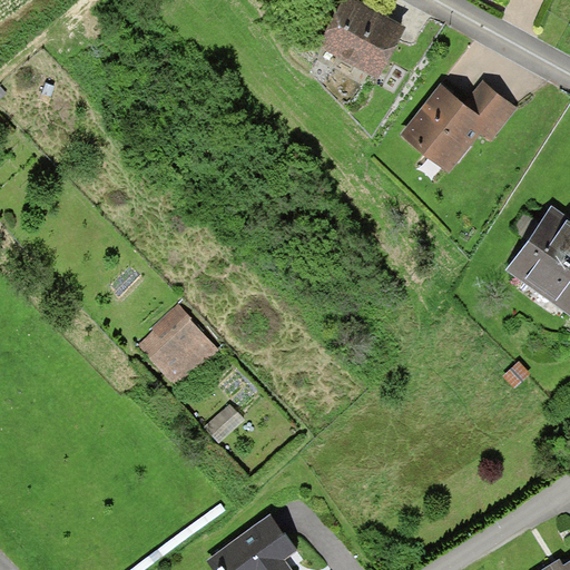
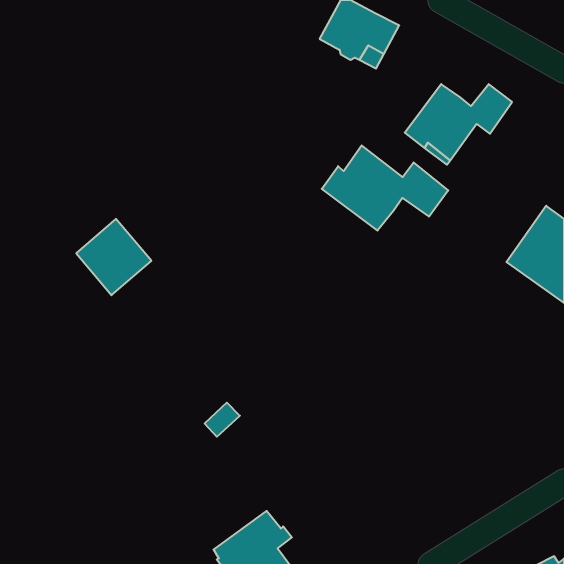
building: none -> [322,145,448,231]
building: [140,308,216,385] -> [76,219,151,295]

